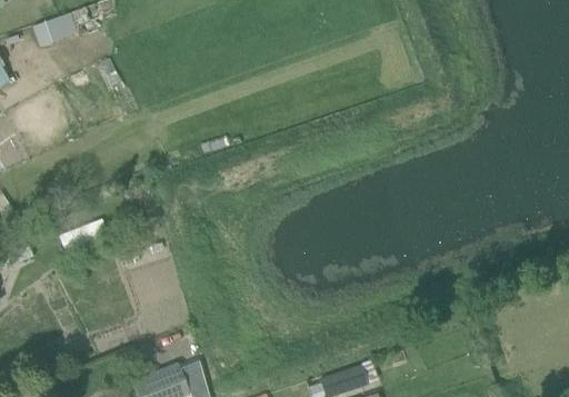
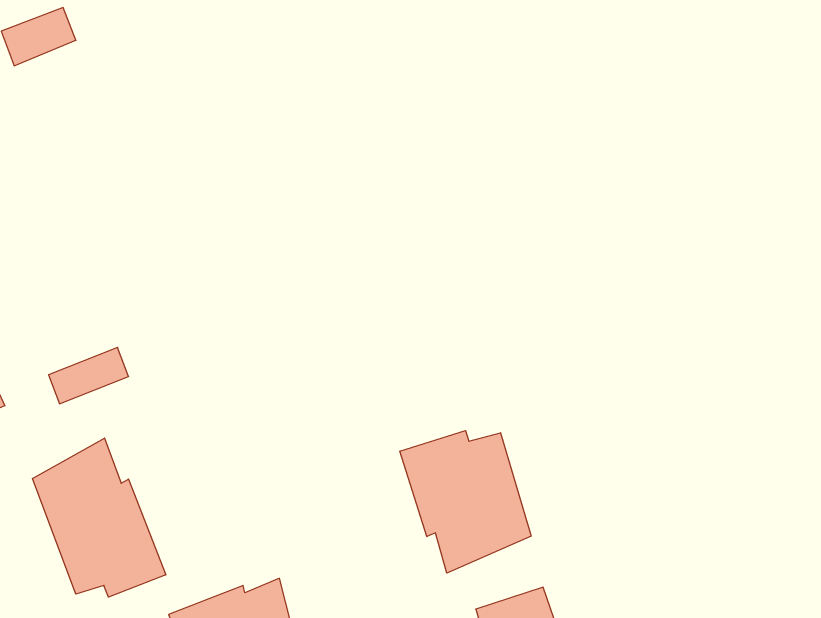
building: none -> [400,431,531,573]
building: none -> [33,438,166,597]

